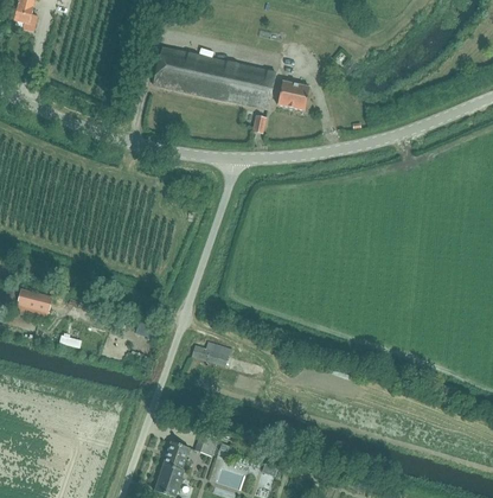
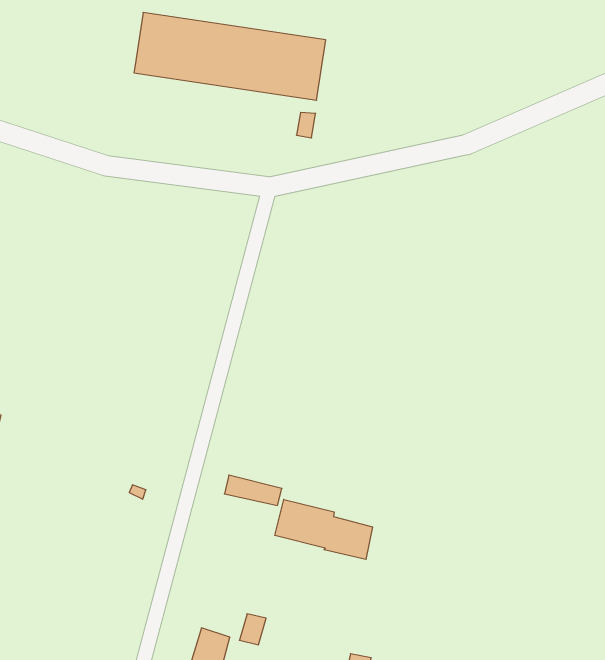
building: [277,79,309,110] -> none
building: none -> [275,499,373,559]

